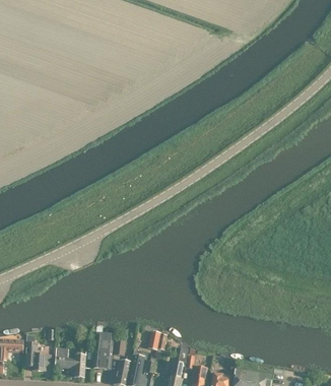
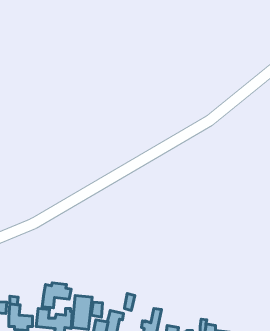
building: none -> [42,283,71,308]

